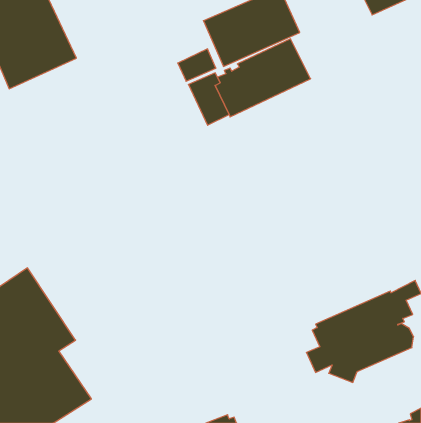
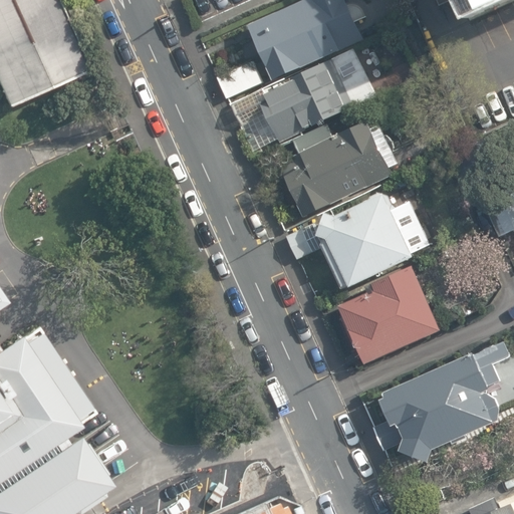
building: none -> [277,121,397,217]
building: none -> [284,192,429,289]
building: none -> [336,265,440,364]

